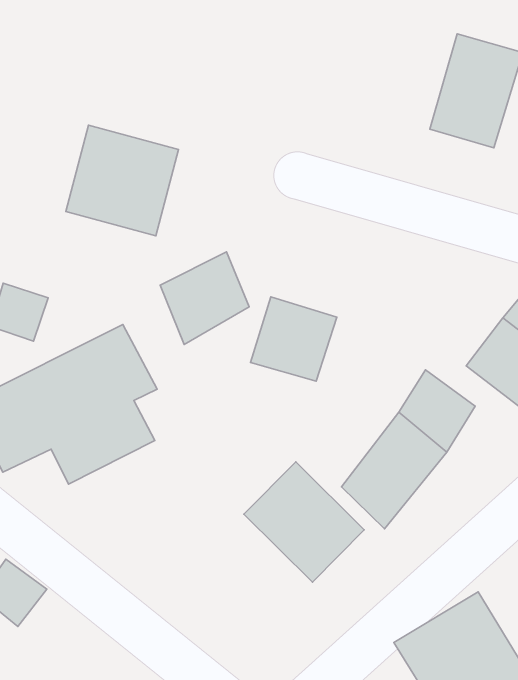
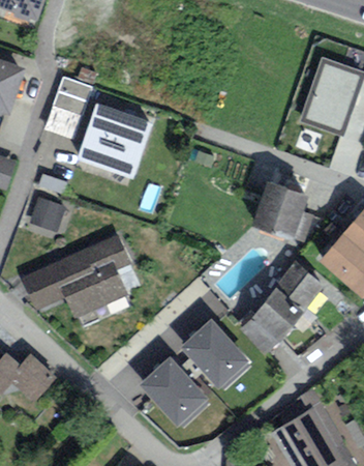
building: none -> [48,77,92,137]
building: [160,252,249,344] -> none
building: [251,297,337,381] -> [260,186,313,239]
building: none -> [138,356,205,425]

